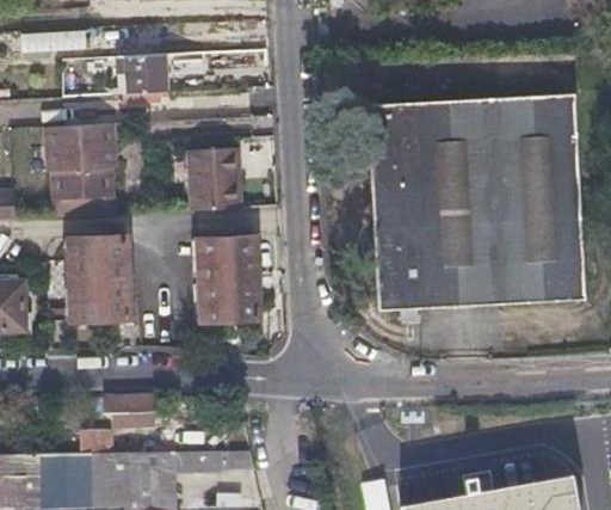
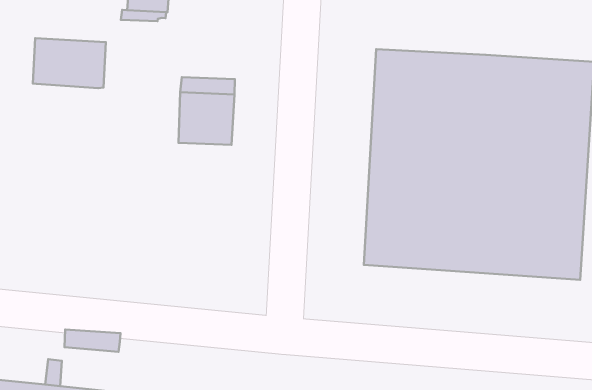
building: [51,168,112,217] -> none
building: [68,235,129,317] -> none
building: [198,236,257,317] -> none

